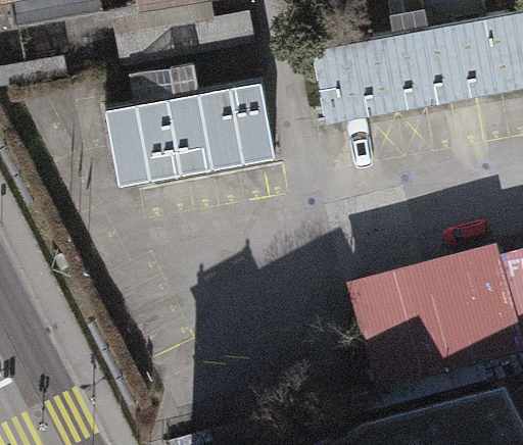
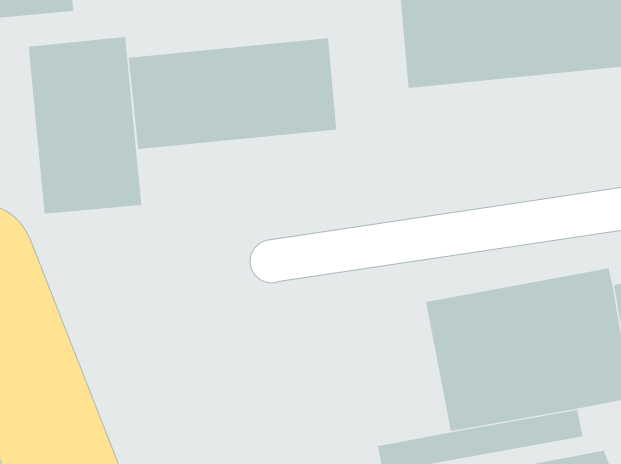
building: none -> [28,36,142,214]

